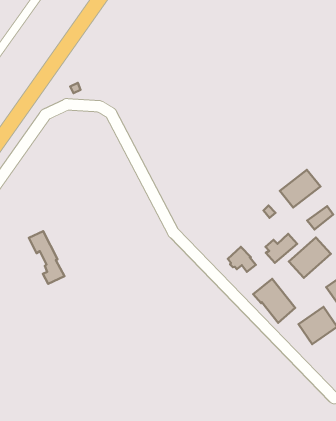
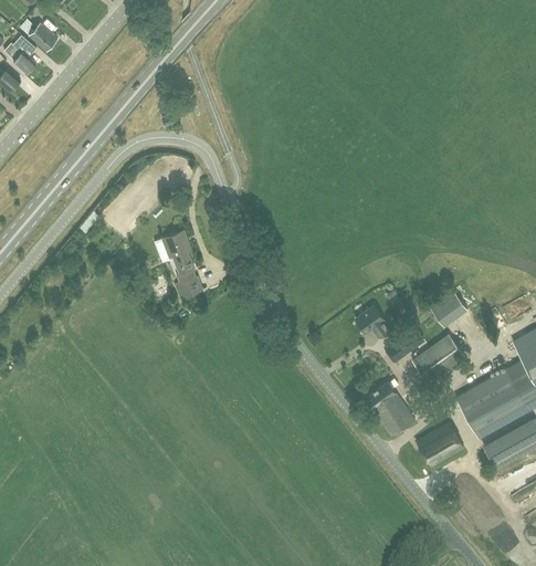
building: [280,170,320,208] -> none
building: [29,231,64,284] -> [161,231,201,297]
building: [228,247,256,272] -> [356,304,390,336]

